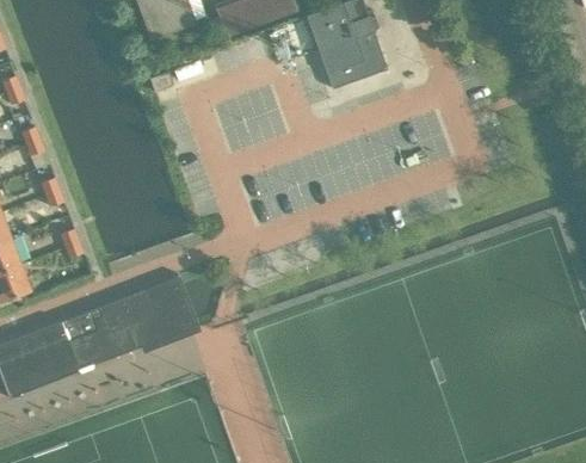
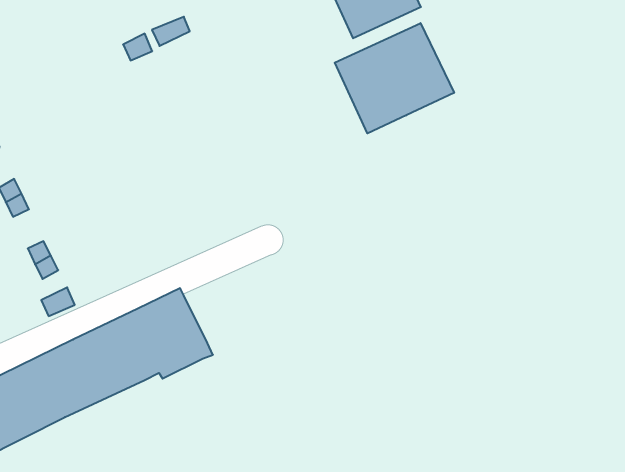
building: none -> [335,23,454,133]

